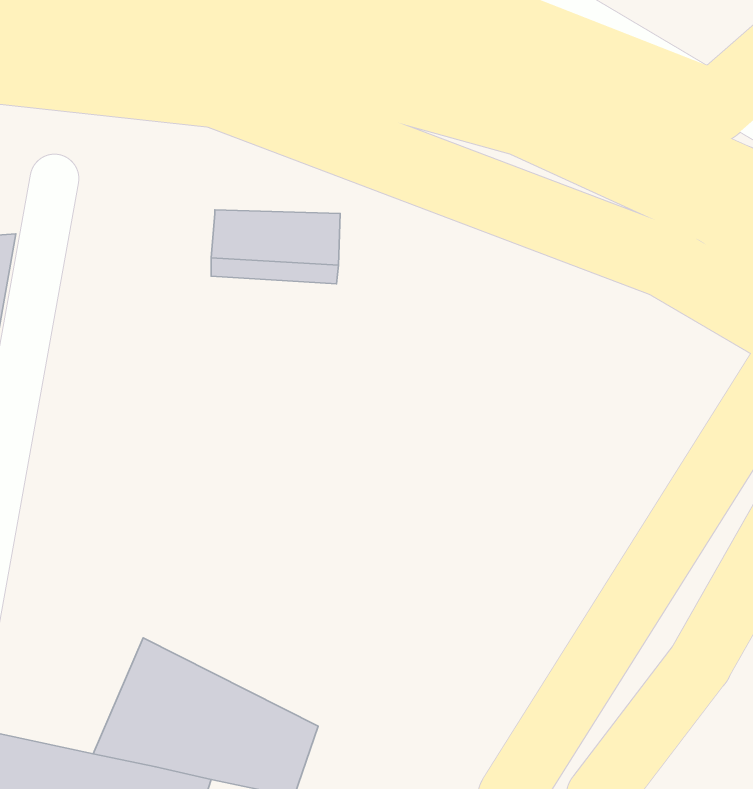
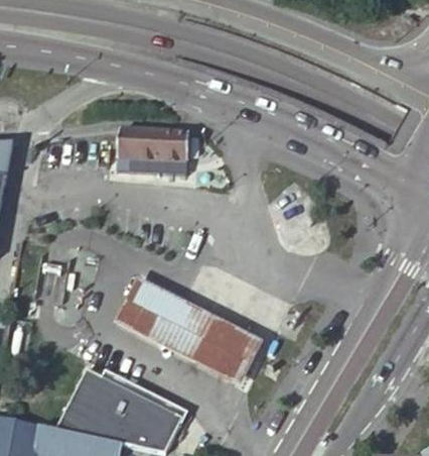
building: none -> [117,279,262,384]

